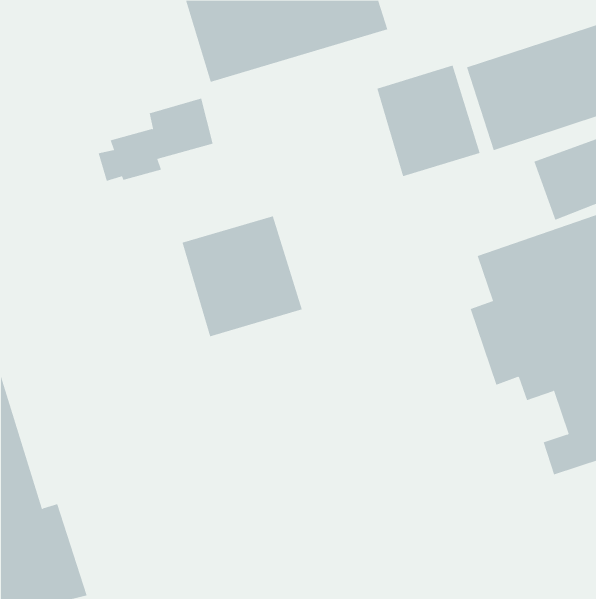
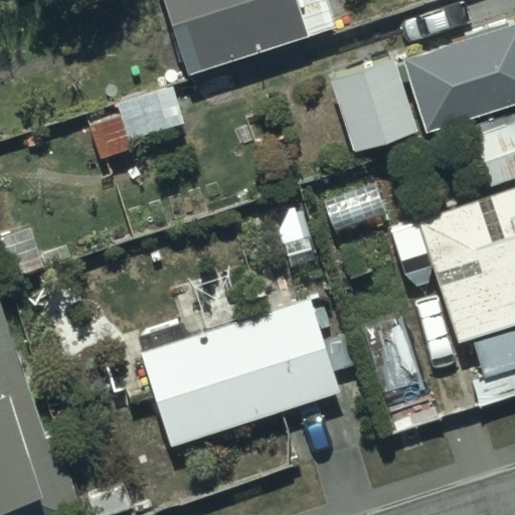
building: [182,215,302,337] -> none
building: none -> [142,282,356,444]

